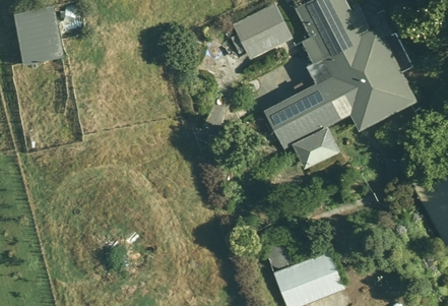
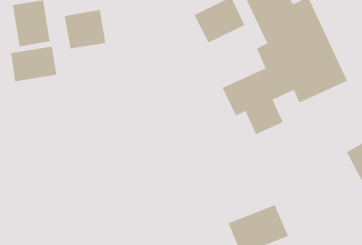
building: none -> [64,9,106,49]
building: none -> [11,46,57,82]

